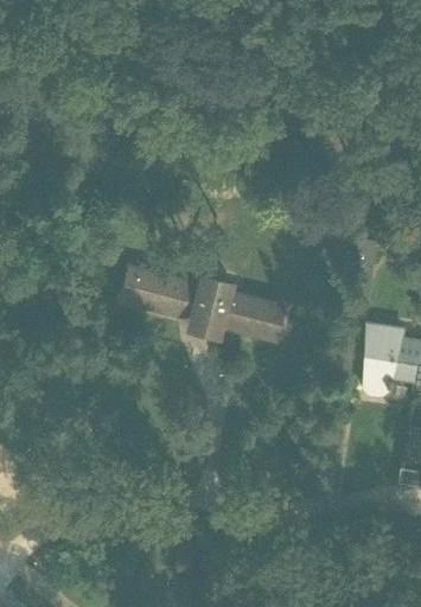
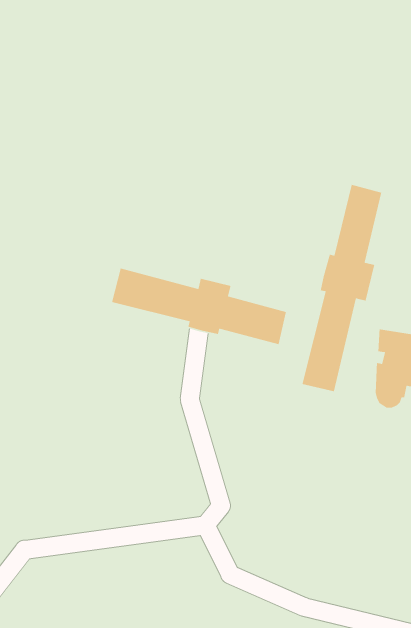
building: none -> [302,184,382,392]

